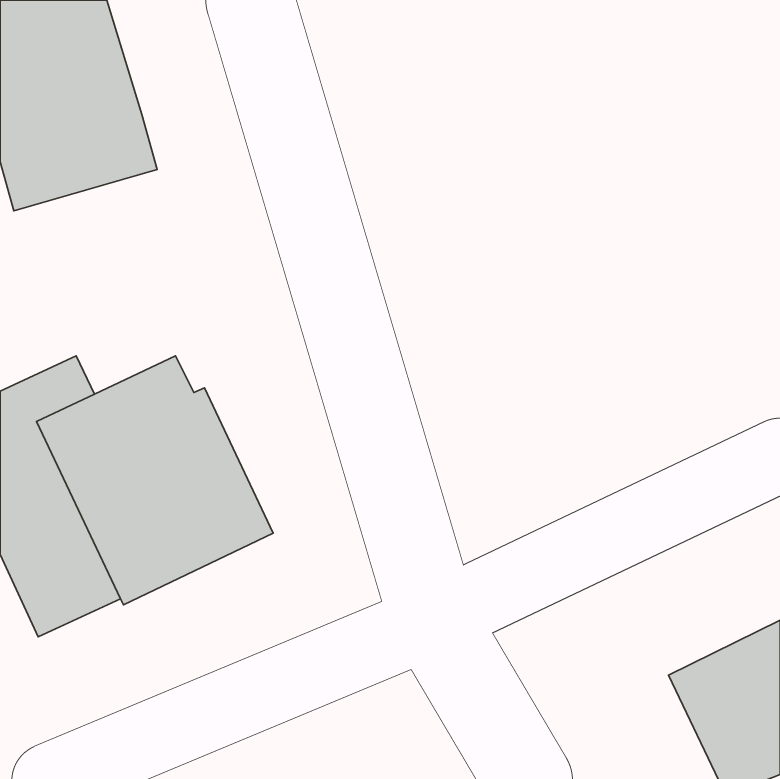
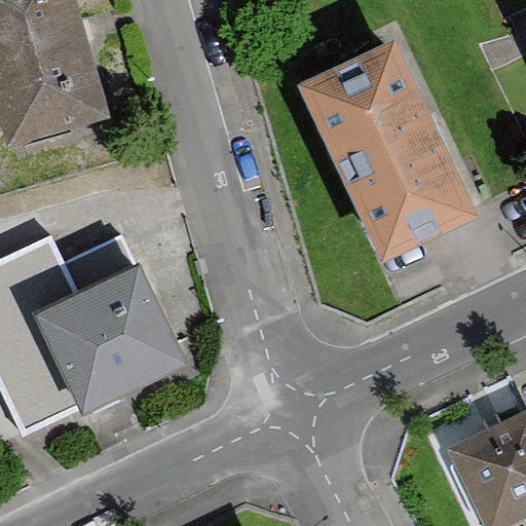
building: none -> [301,42,473,258]

